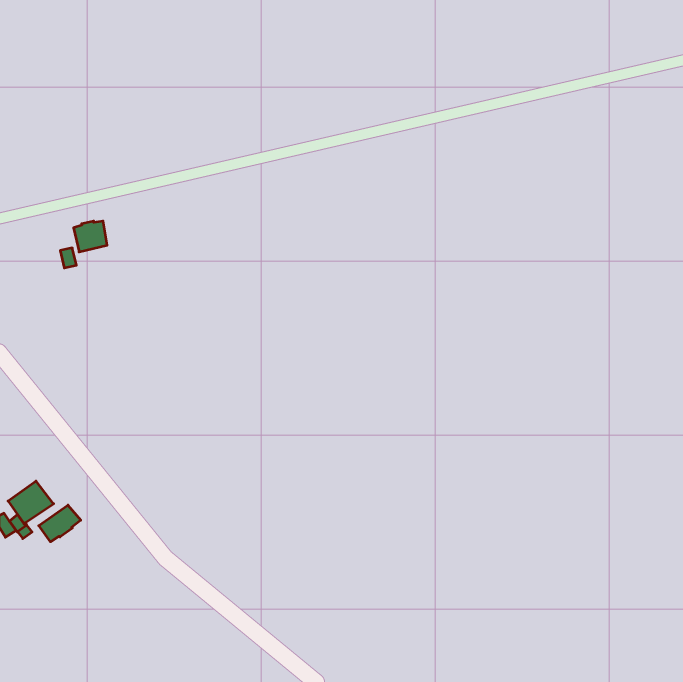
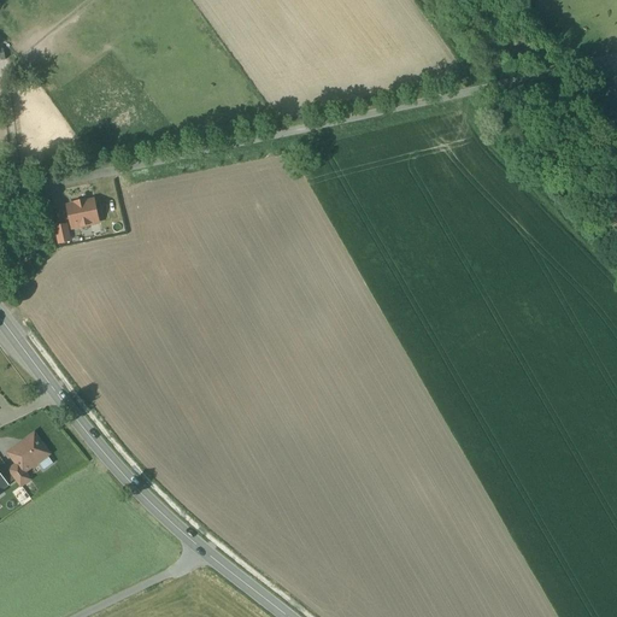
building: [39,505,81,542] -> none

